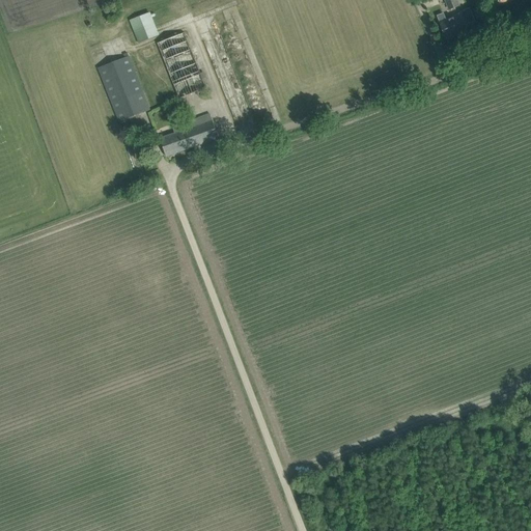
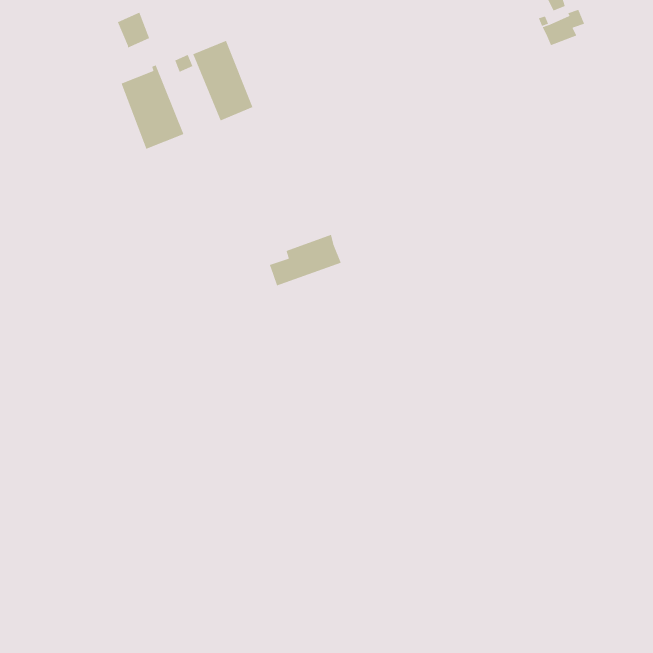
building: [130,12,157,43] -> [117,12,150,49]
building: [159,113,218,156] -> [269,234,342,286]

